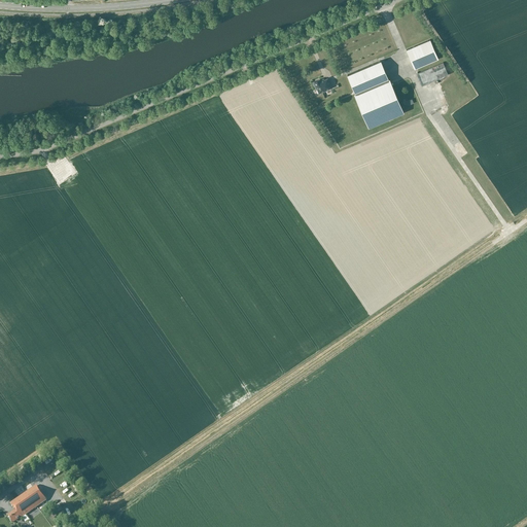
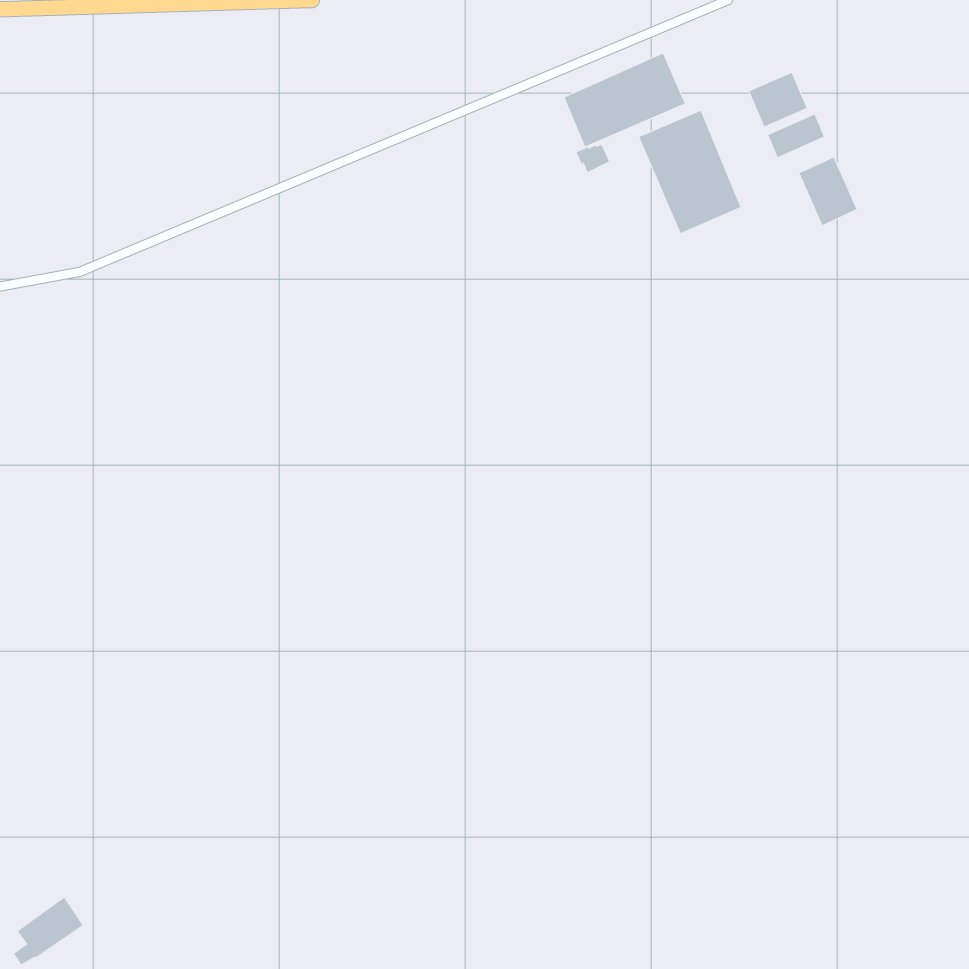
building: none -> [564,53,685,147]
building: none -> [799,157,857,226]

